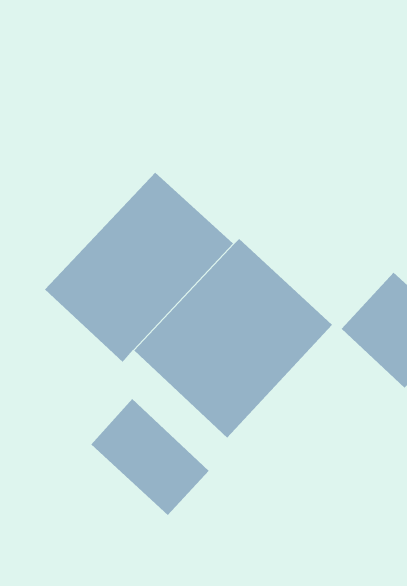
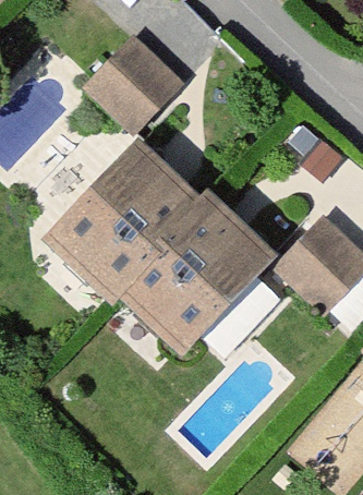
building: none -> [88,38,187,136]
building: [91,398,210,516] -> none

